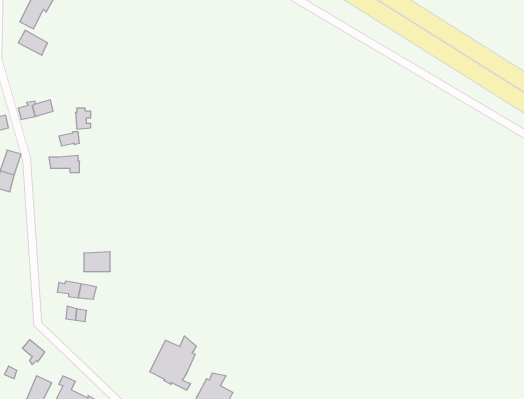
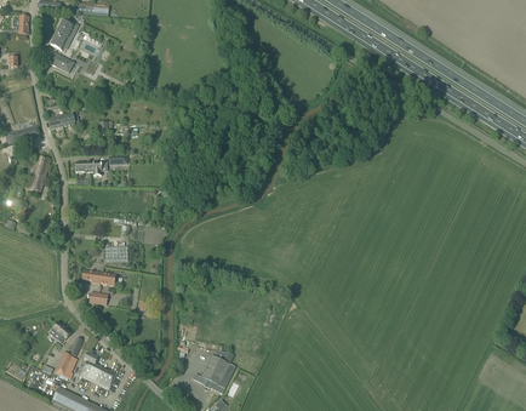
building: [150,336,196,390] -> none

